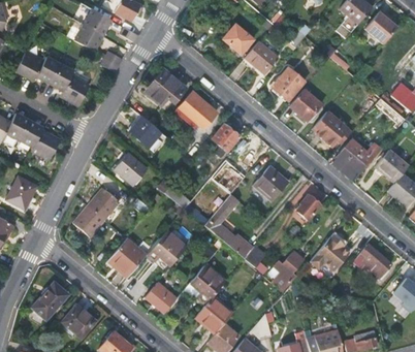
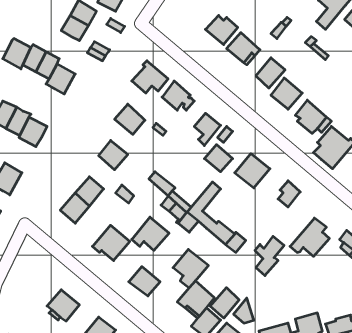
building: [33,284,67,319] -> none
building: none -> [210,288,239,318]

